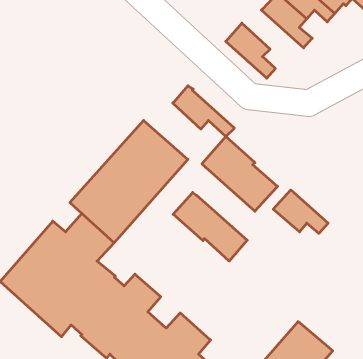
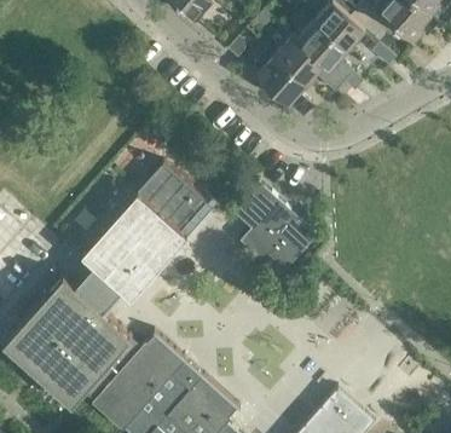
building: [173,86,234,137] -> [274,35,343,92]
building: [273,190,328,233] -> none
building: [173,192,247,261] -> none

